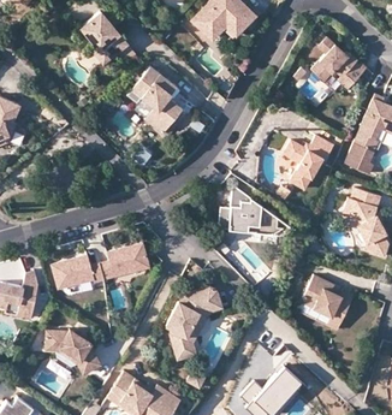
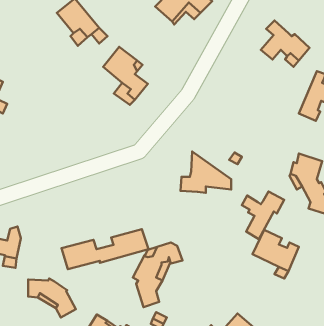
building: [286,135,334,189] -> [242,191,284,239]
building: [346,142,375,173] -> none
building: [52,243,150,289] -> [62,229,148,269]

